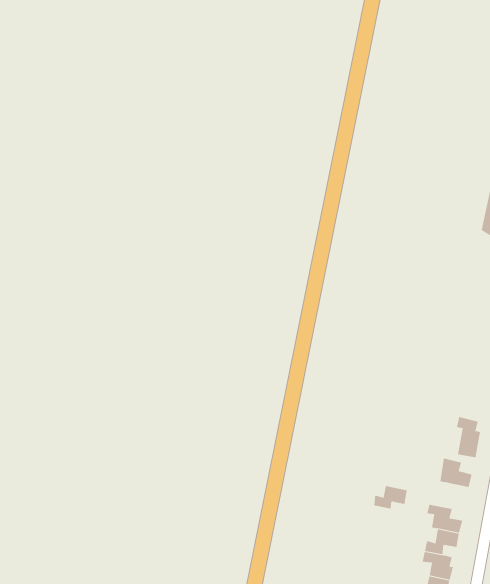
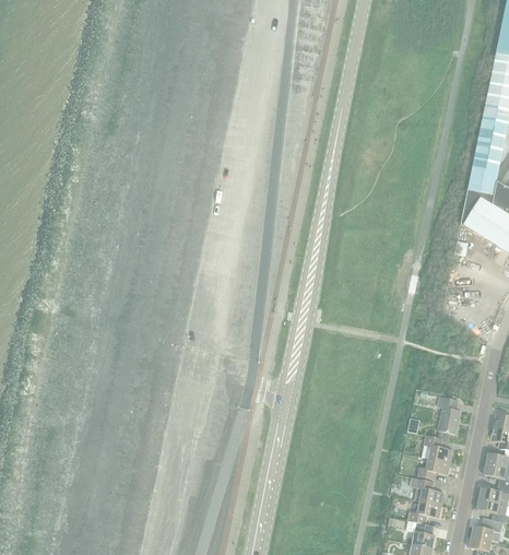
building: [373,485,408,509] -> [418,456,450,477]

